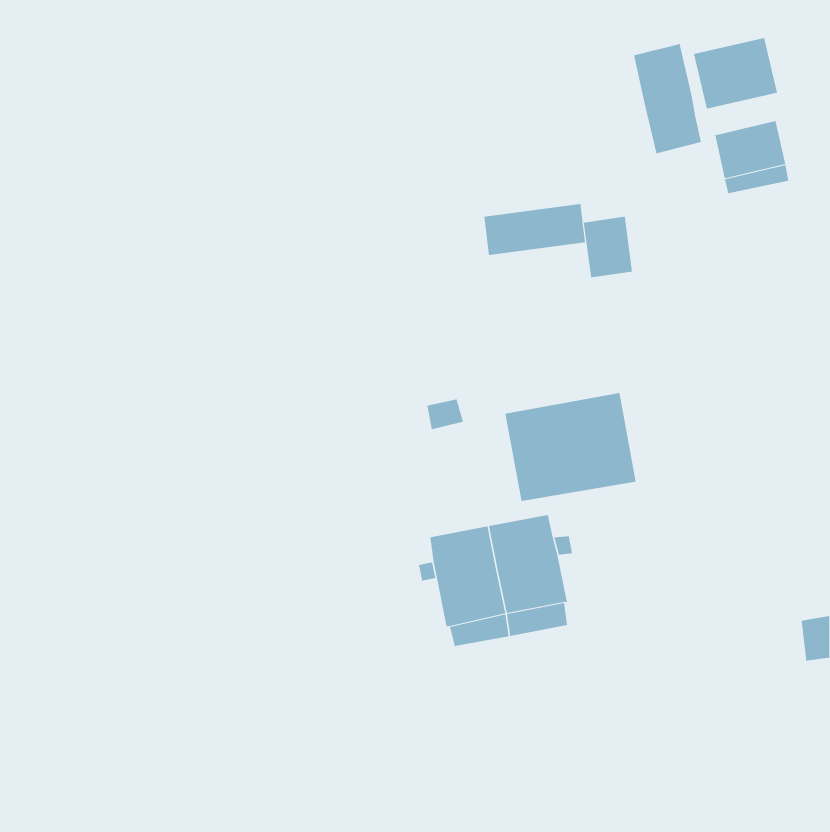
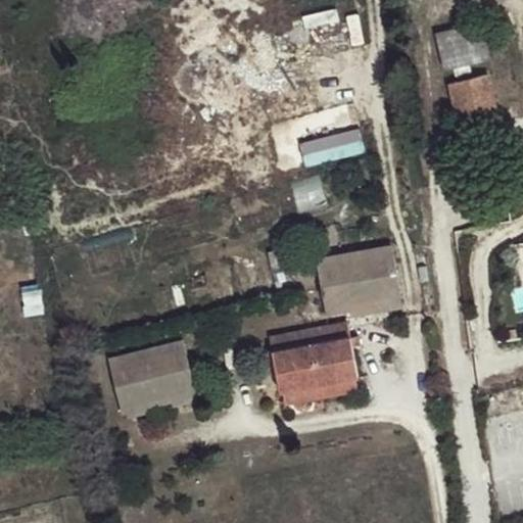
building: [633,43,702,154] -> none
building: [583,216,633,278] -> none
building: none -> [108,340,195,413]

